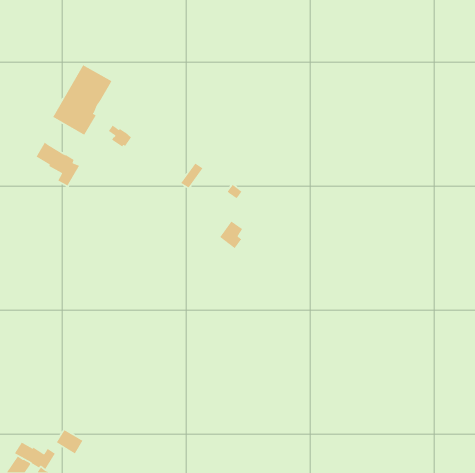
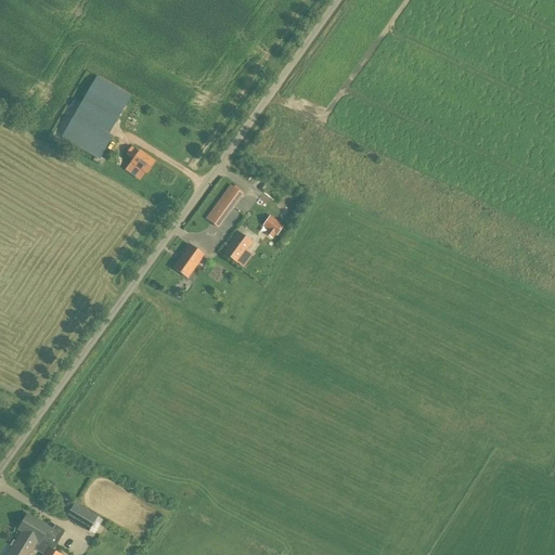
building: [36,142,80,187] -> none
building: none -> [172,243,204,278]
building: [219,220,243,249] -> [223,231,251,264]

